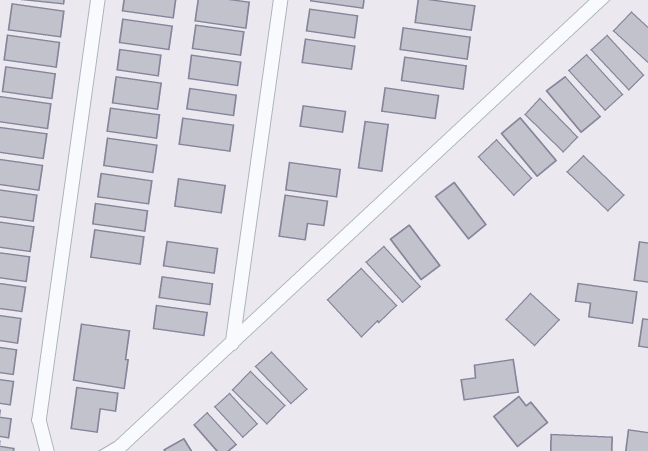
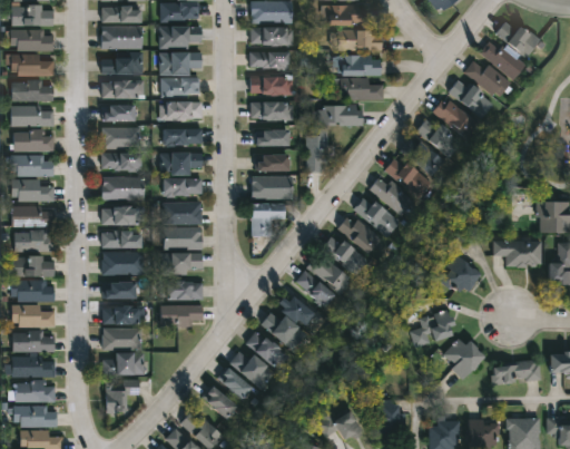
building: none -> [249,101,292,119]
building: none -> [255,154,289,172]
building: none -> [163,178,200,196]
building: [567,156,624,211] -> [384,157,432,198]
building: none -> [354,194,401,237]
building: none -> [164,227,202,248]
building: none -> [102,282,137,299]
building: none -> [102,305,141,324]
building: none -> [262,290,317,351]

